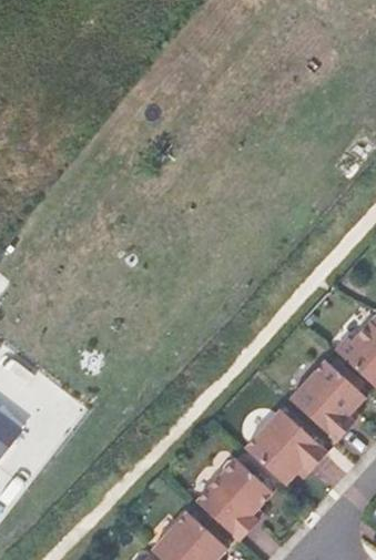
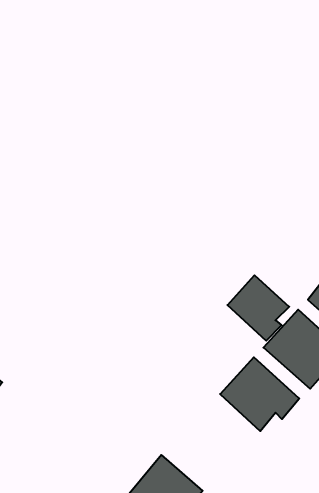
building: none -> [227,275,289,341]
building: [195,458,271,539] -> none

